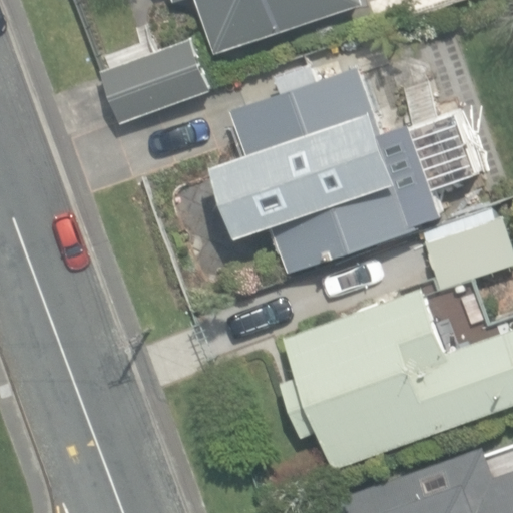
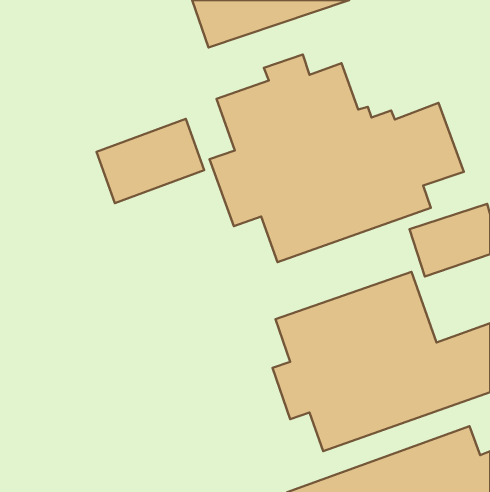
building: [100,38,211,125] -> [97,119,204,203]

